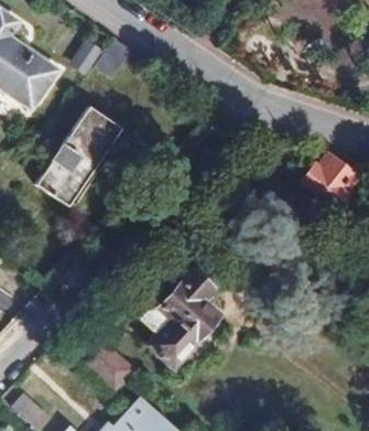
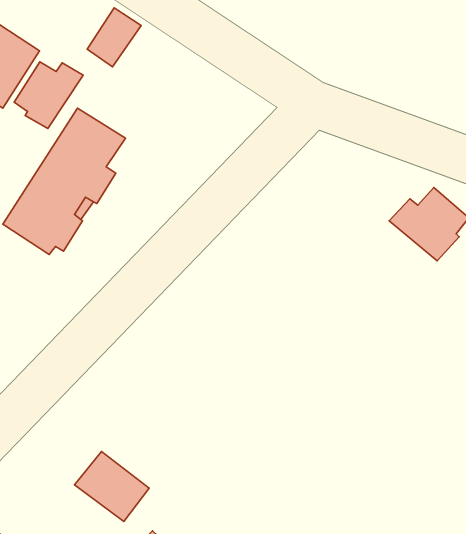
building: none -> [14,62,83,128]
building: [138,272,216,367] -> none

